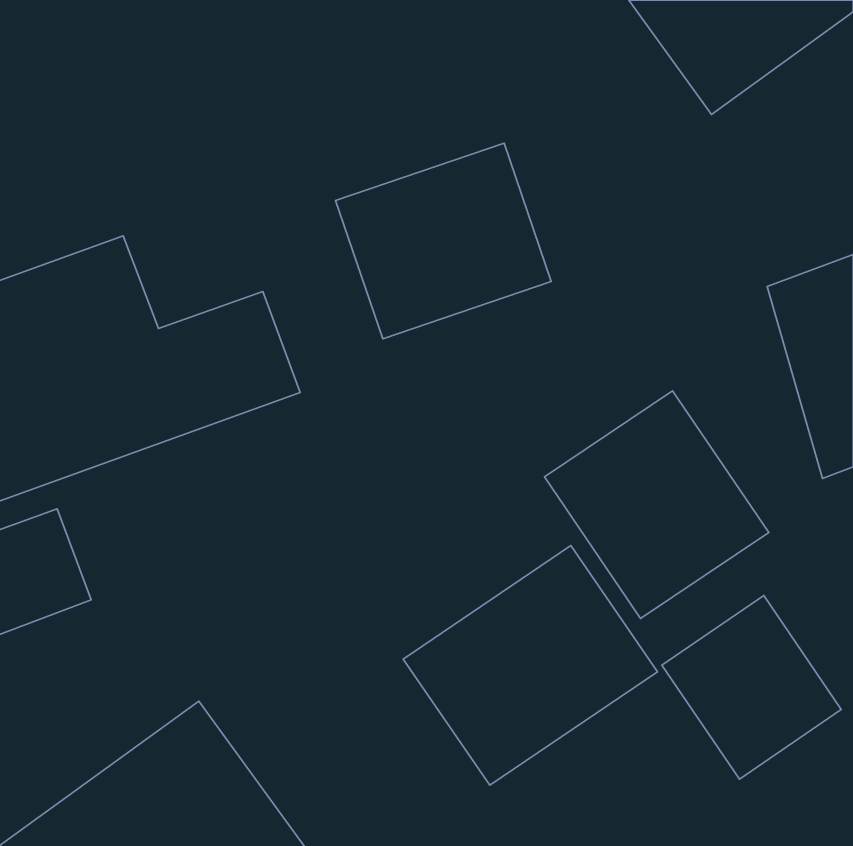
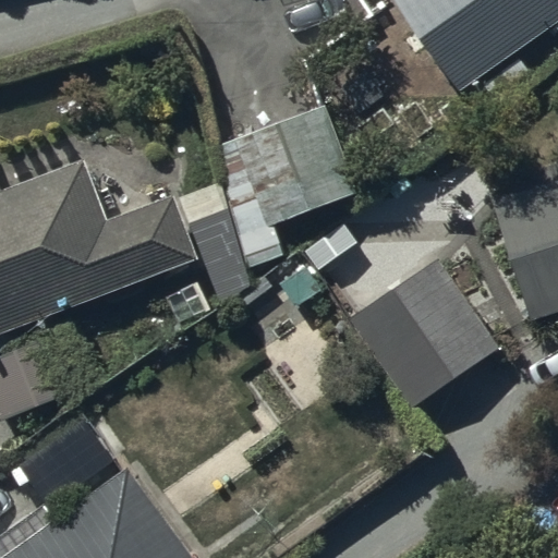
building: [403,546,657,785] -> none
building: [662,595,841,779] -> none

